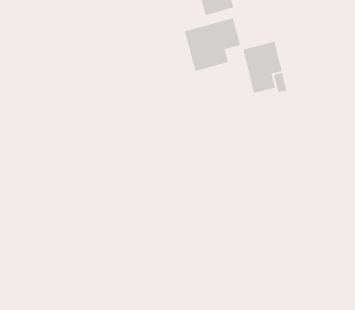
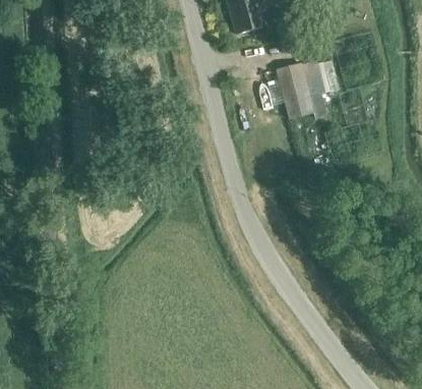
building: [184,17,241,72] -> none

